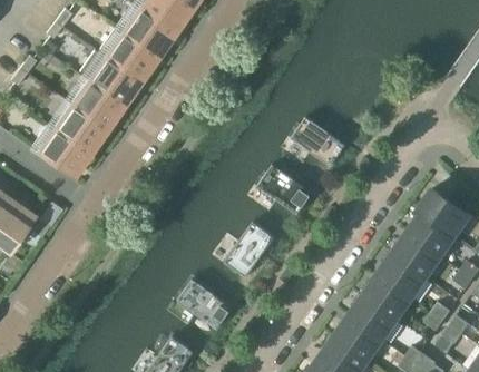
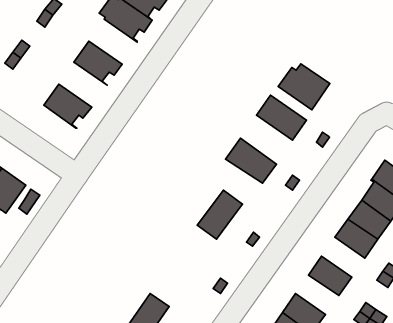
building: [98,28,157,81] -> none
building: [70,79,124,129] -> none
building: none -> [278,64,330,110]
building: [31,125,89,175] -> none
building: [362,274,410,319] -> none
building: [176,278,232,329] -> none
building: [333,316,381,360] -> none

